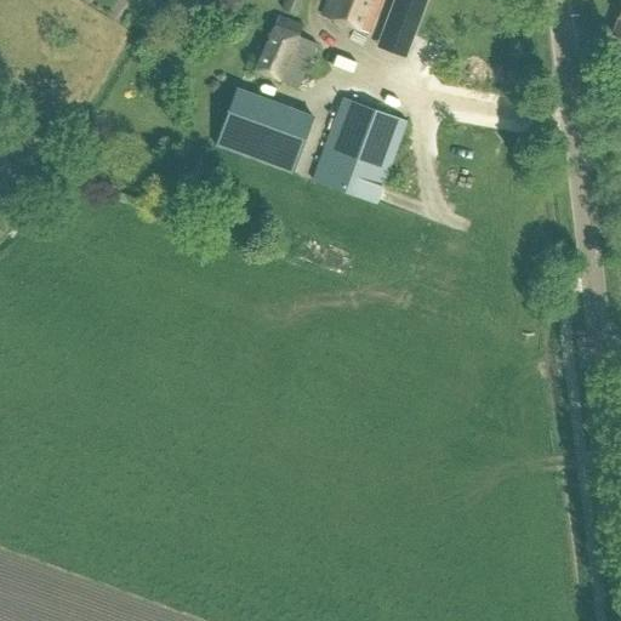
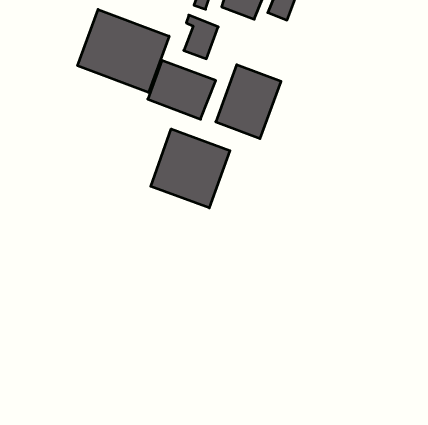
building: none -> [78,9,169,92]
building: none -> [151,129,230,208]

